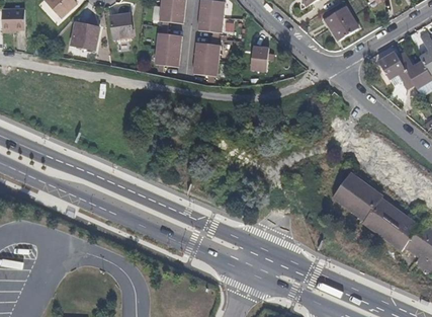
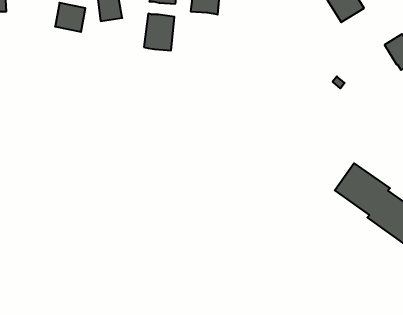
building: [192,42,221,75] -> none
building: [250,45,274,71] -> none

